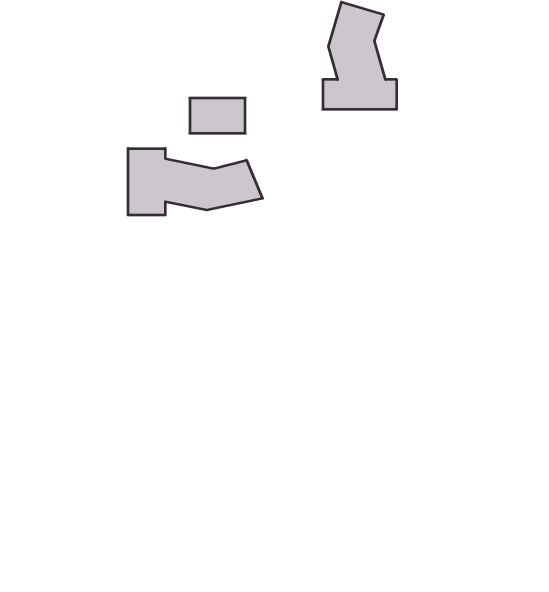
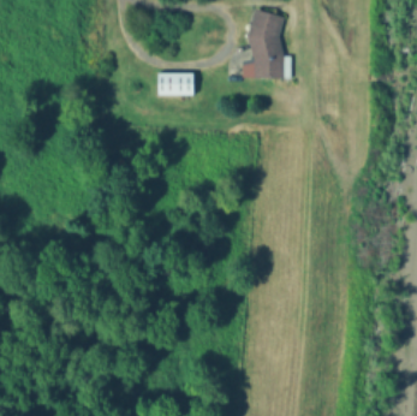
building: [128,148,263,215] -> none

